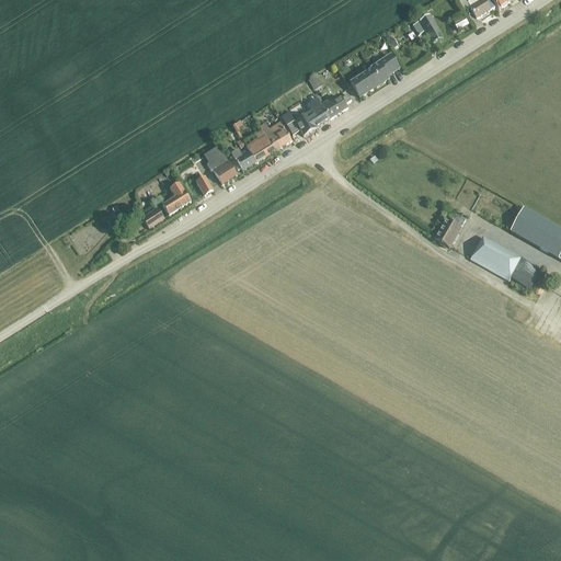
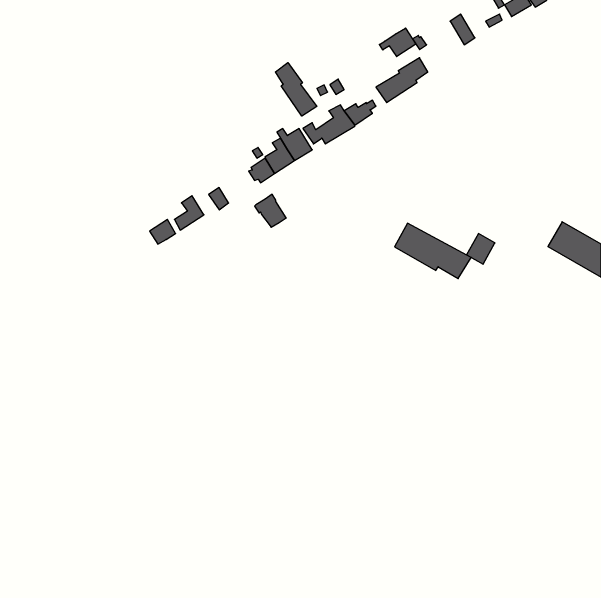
building: none -> [379,28,416,57]
building: none -> [275,63,317,116]
building: [206,151,236,182] -> [255,194,286,227]
building: [469,236,540,287] -> [395,223,471,279]

